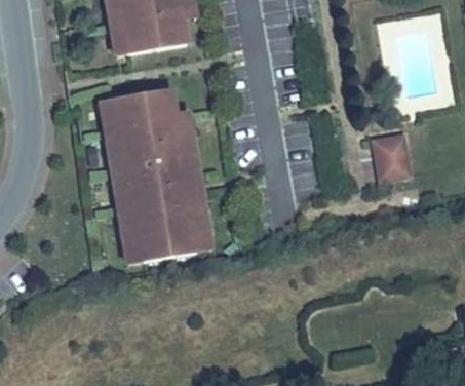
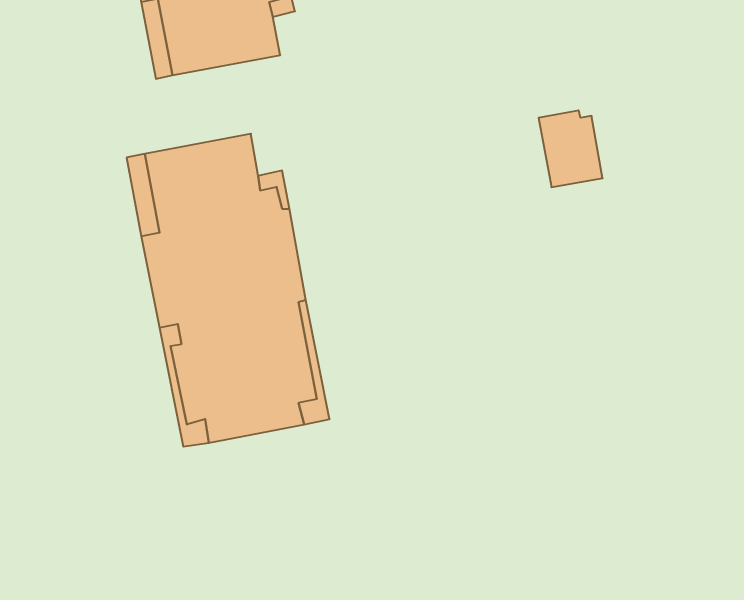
building: [374,138,410,181] -> [539,110,603,187]

